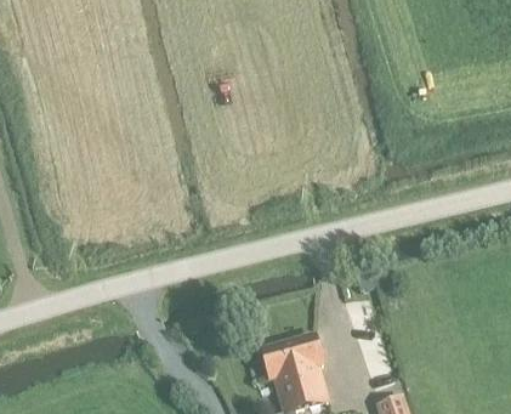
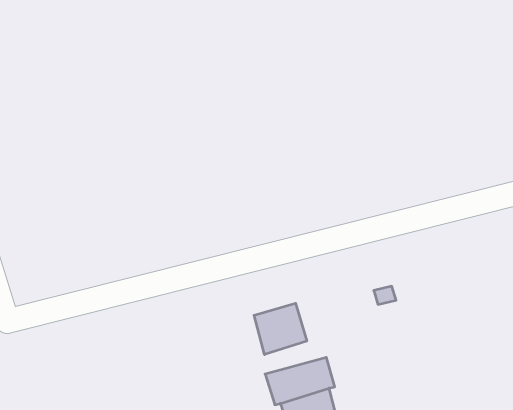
building: none -> [254,303,307,355]

